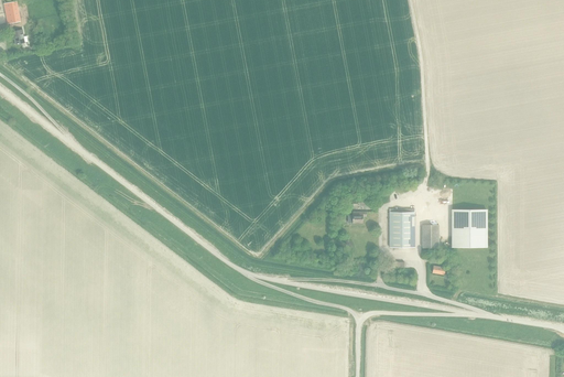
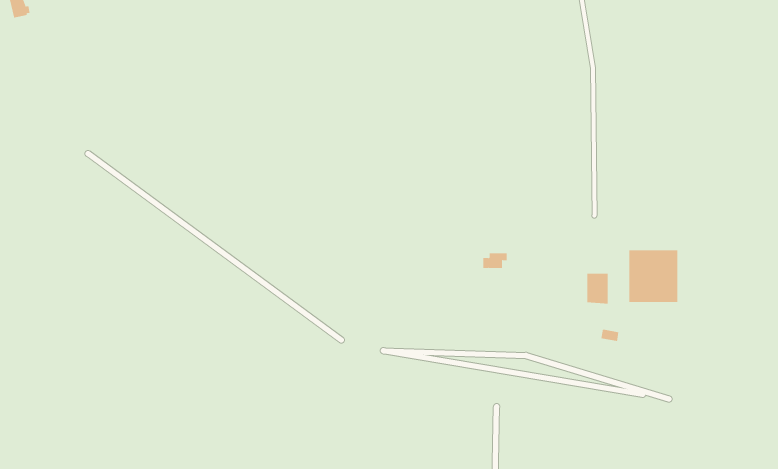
building: [389,207,414,246] -> none

